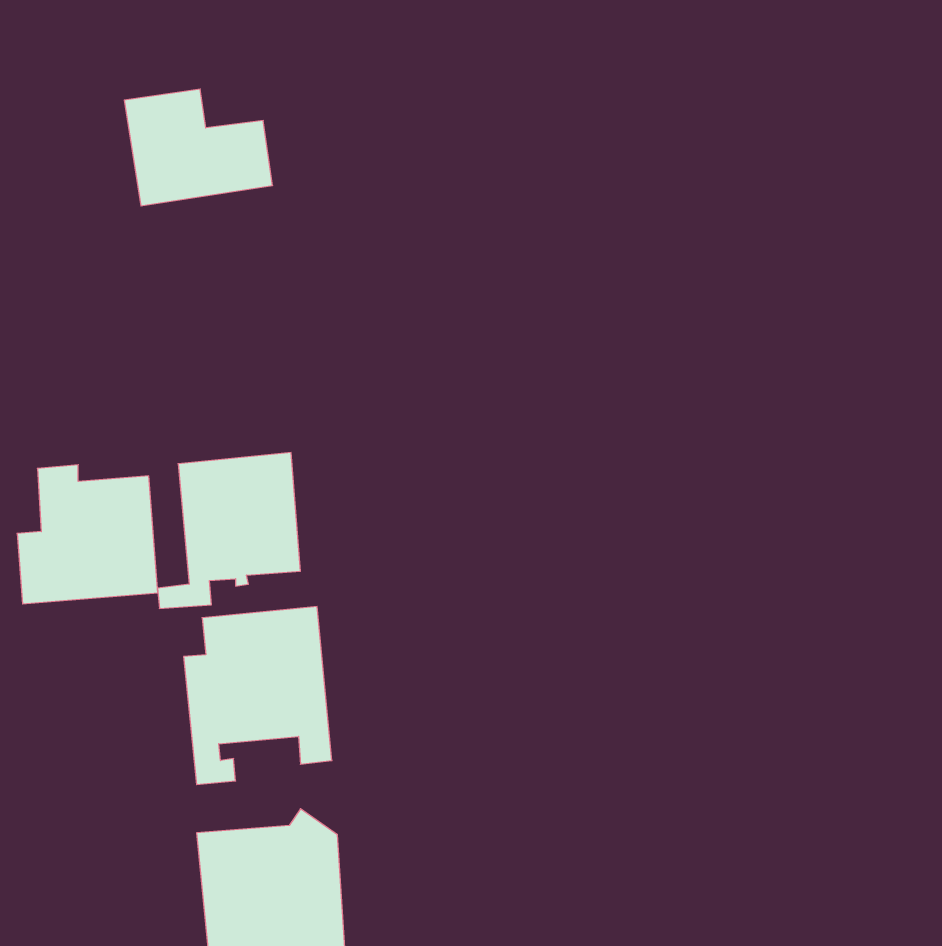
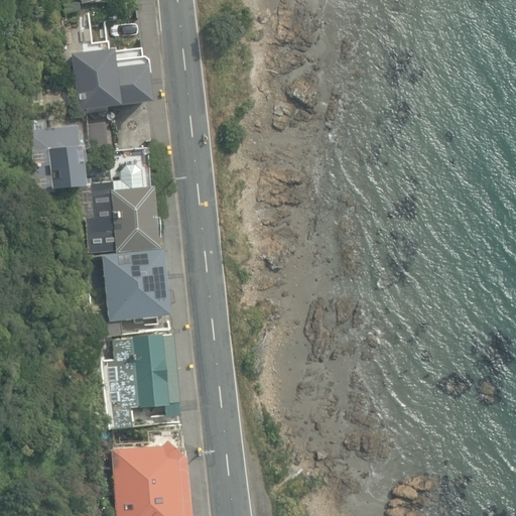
building: none -> [33,122,87,192]
building: [17,465,158,604] -> [82,176,158,252]

